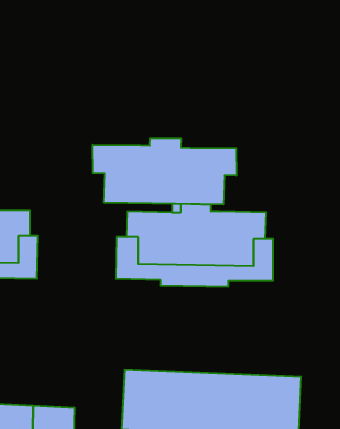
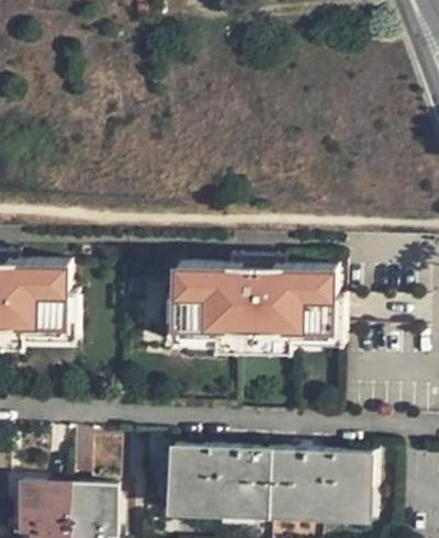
building: [93,138,236,204] -> none

